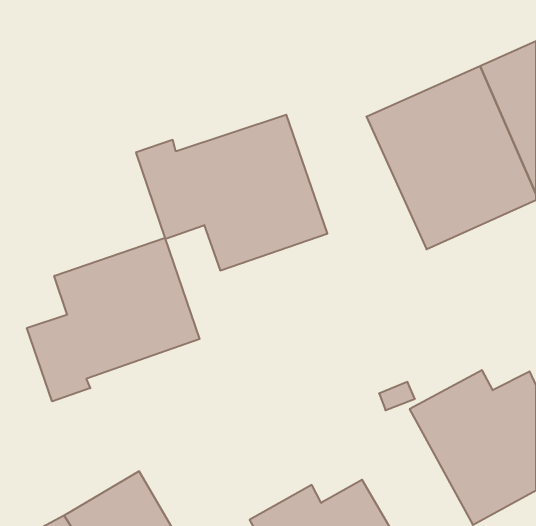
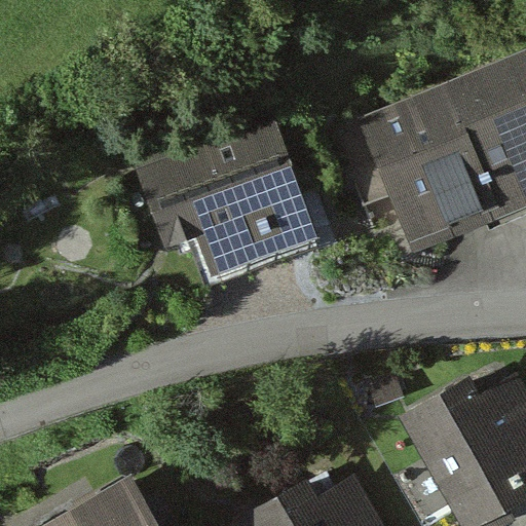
building: [27,238,200,401] -> none

